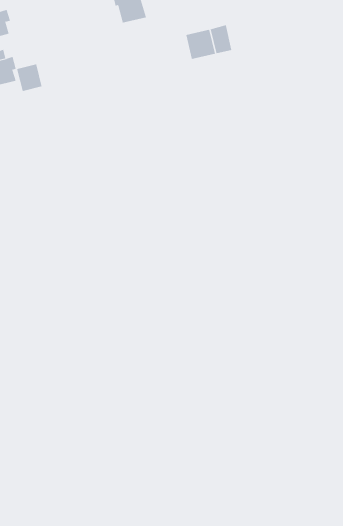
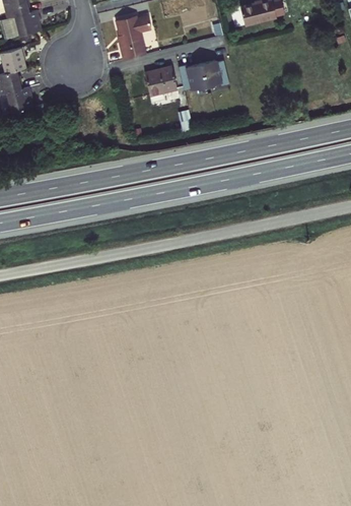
building: none -> [143,66,177,96]
building: [17,64,42,92] -> none

